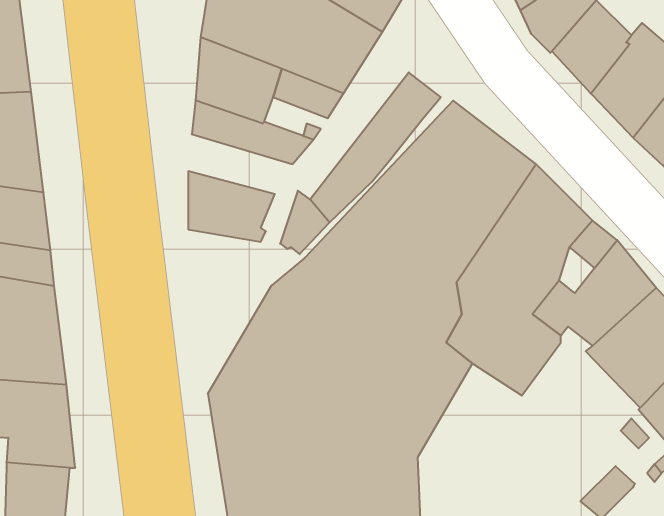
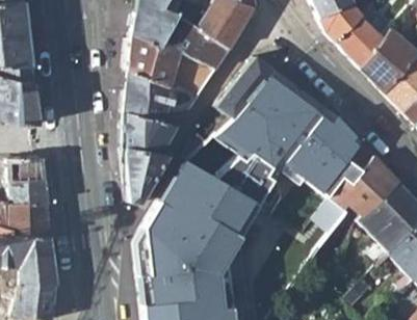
building: none -> [124,91,185,127]
building: none -> [124,148,166,203]

